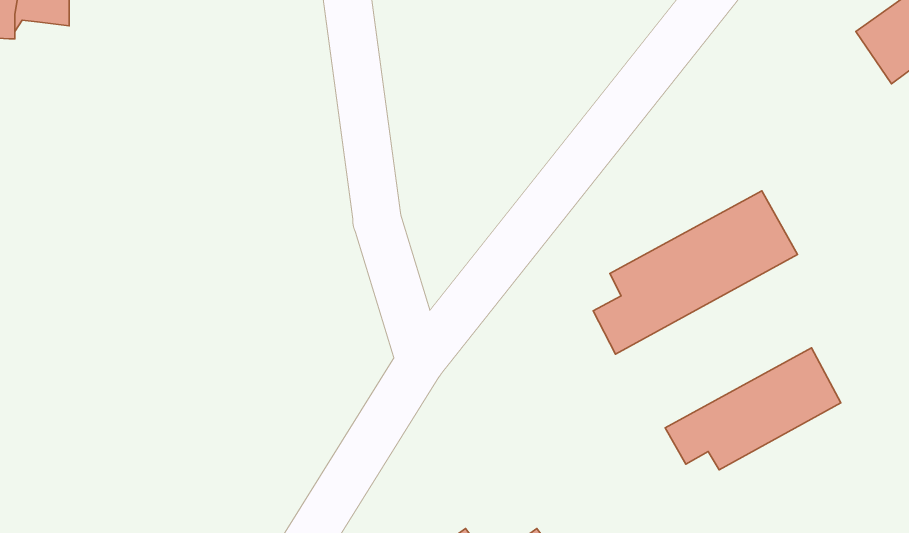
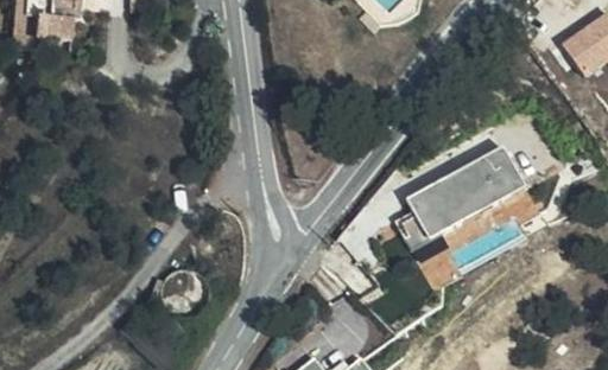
building: [665,348,841,470] -> none

